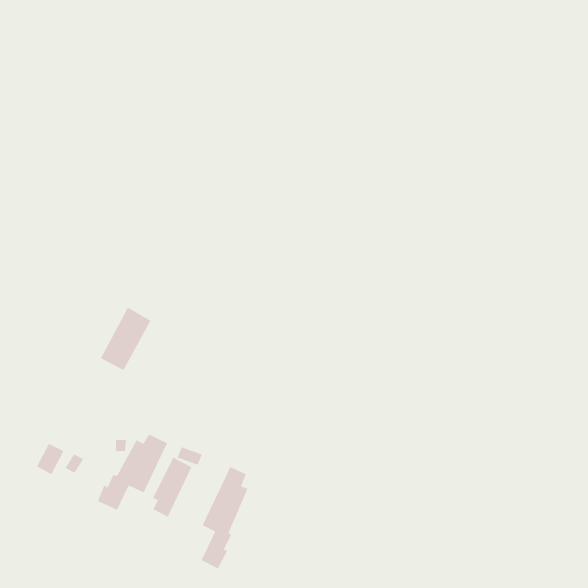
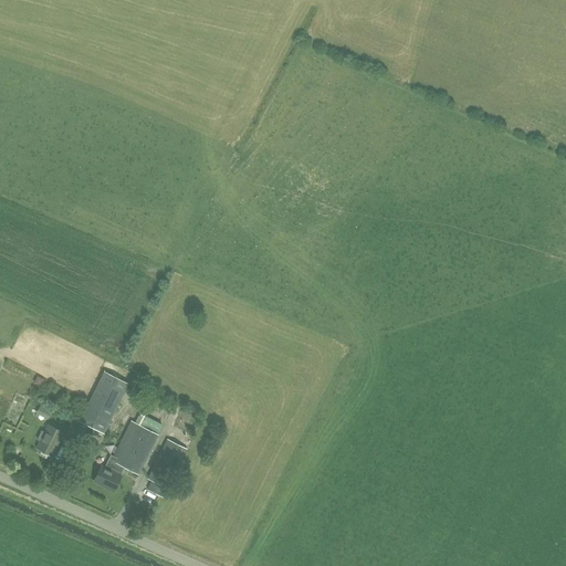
building: [100,307,152,371] -> [78,370,128,432]
building: [201,466,248,570] -> none

